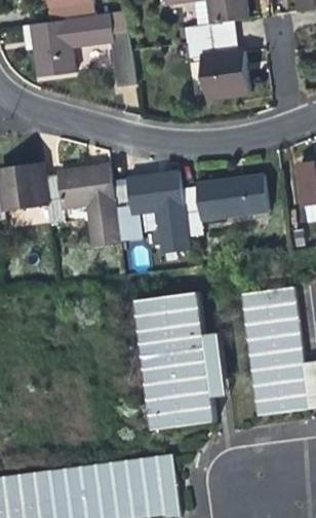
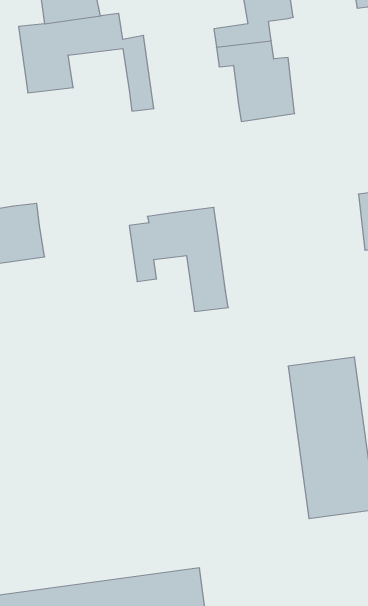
building: [46,171,126,253] -> none
building: [187,173,273,235] -> none
building: [136,292,216,430] -> none

